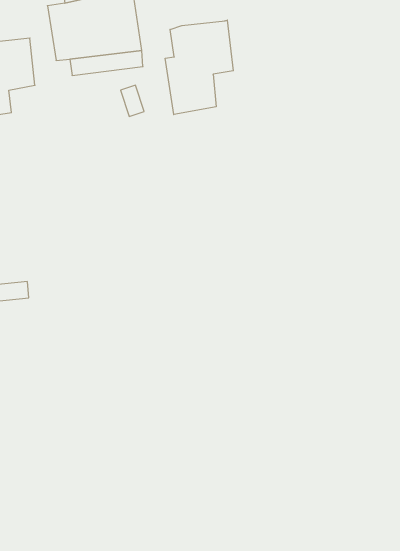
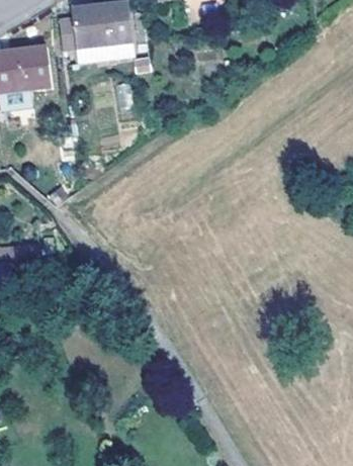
building: [165,20,233,115] -> none

